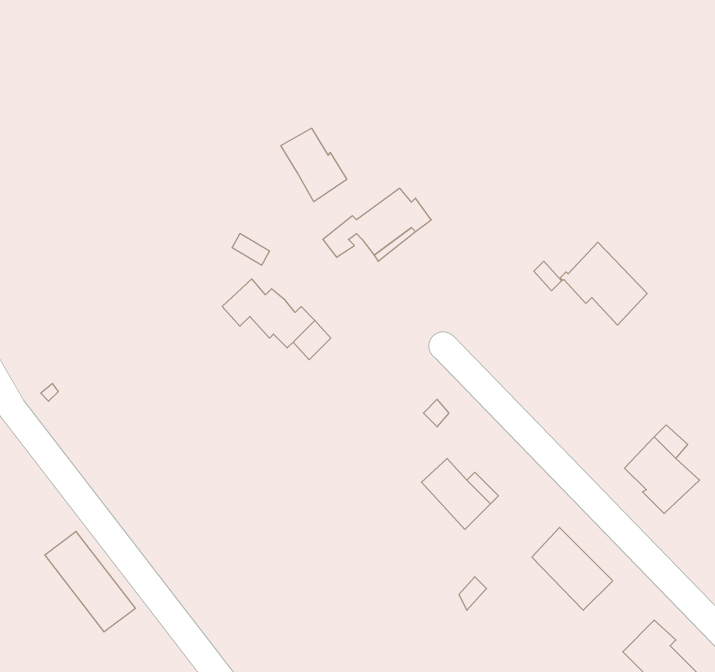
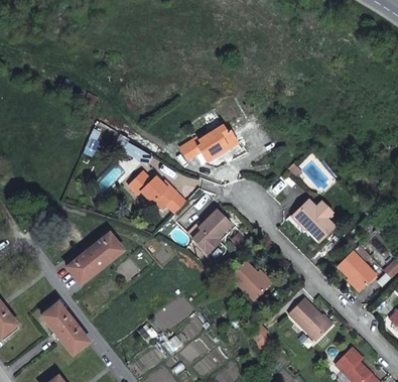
building: [281,128,347,202] -> none
building: [560,242,647,325] -> [290,202,335,244]
building: none -> [188,211,233,254]
building: none -> [65,231,121,282]

